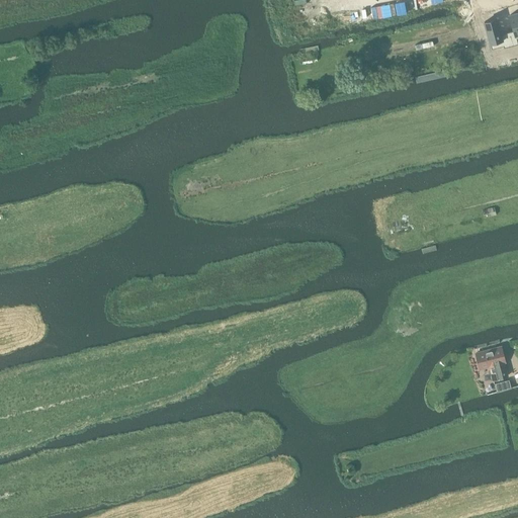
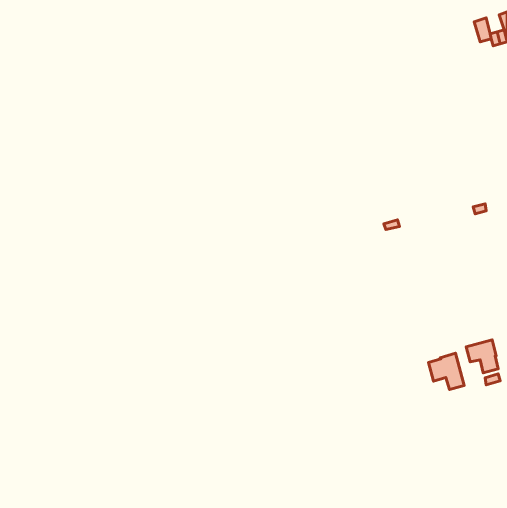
building: none -> [428,353,464,389]

